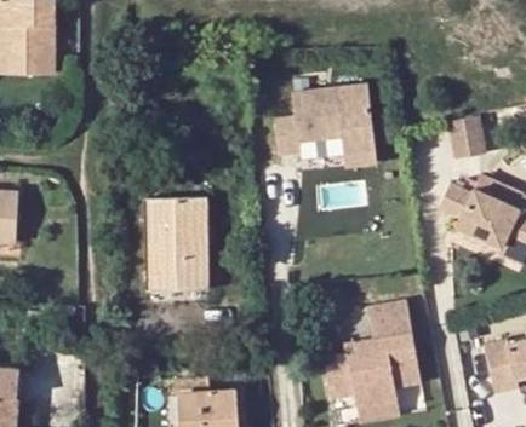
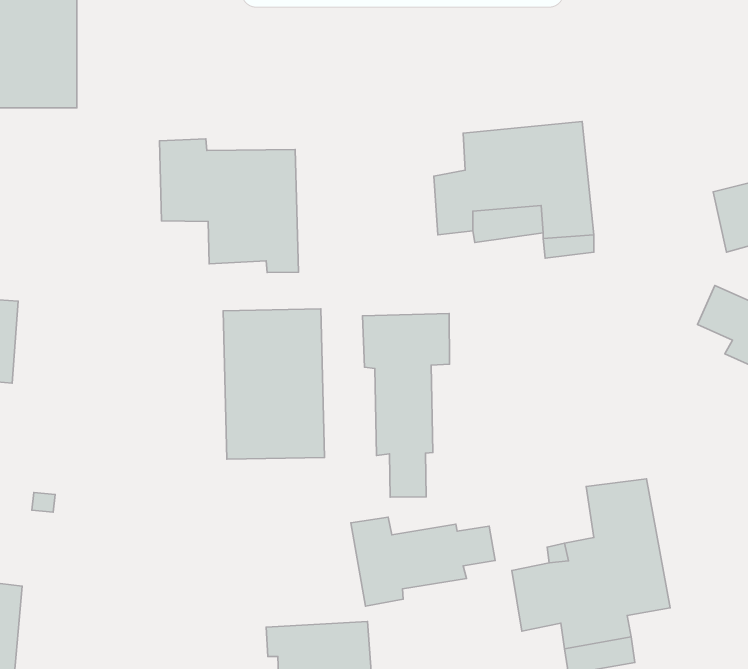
building: none -> [159,139,299,273]
building: none -> [363,313,449,497]
building: none -> [351,517,495,606]

